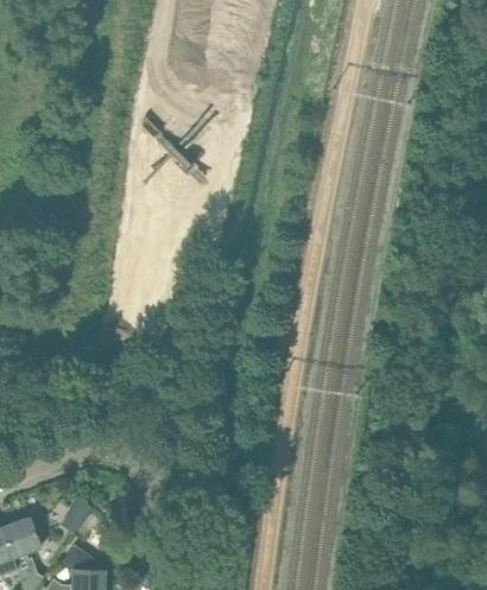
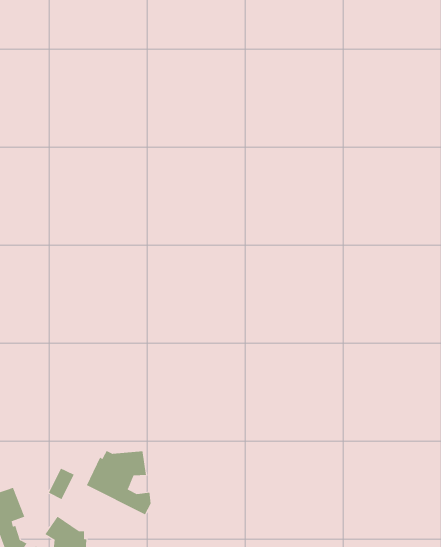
building: none -> [86,450,151,515]

